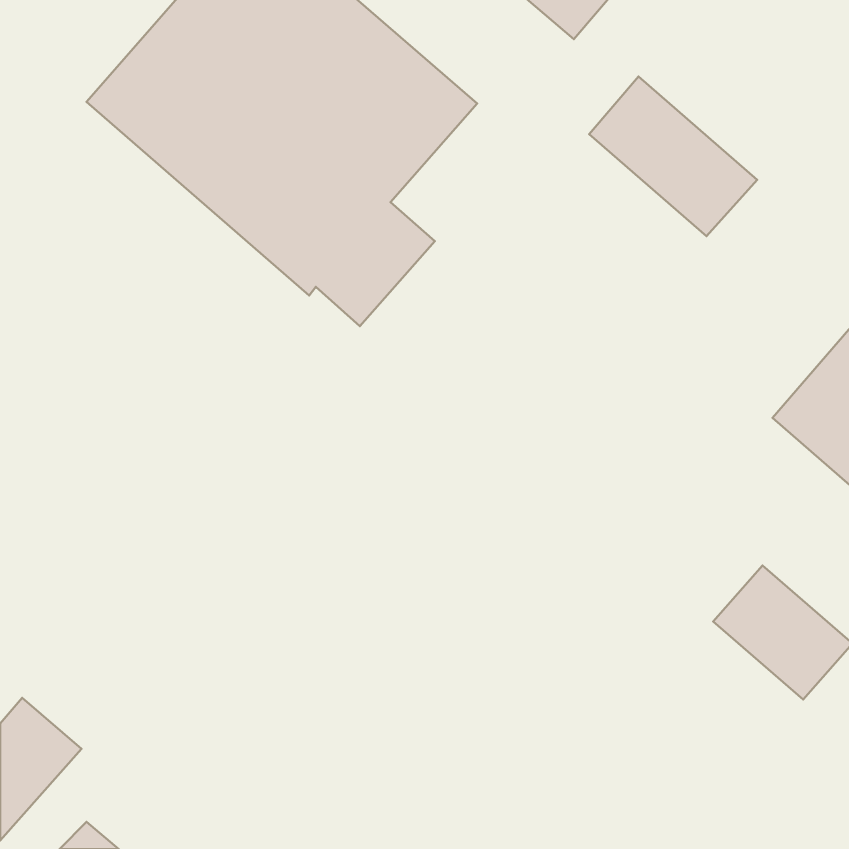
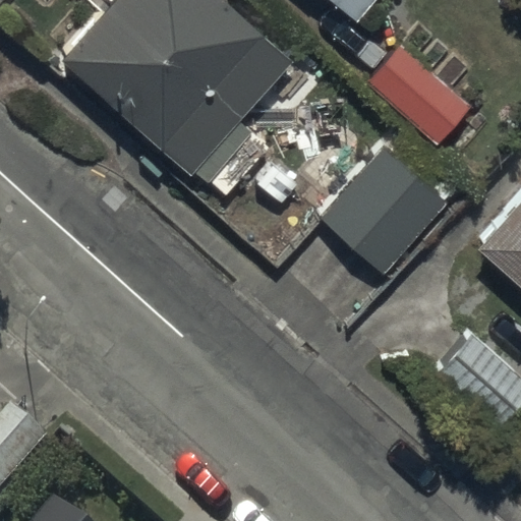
building: none -> [321,144,447,270]

